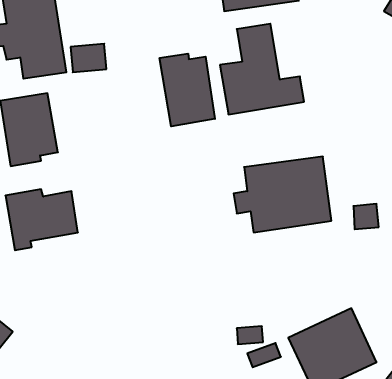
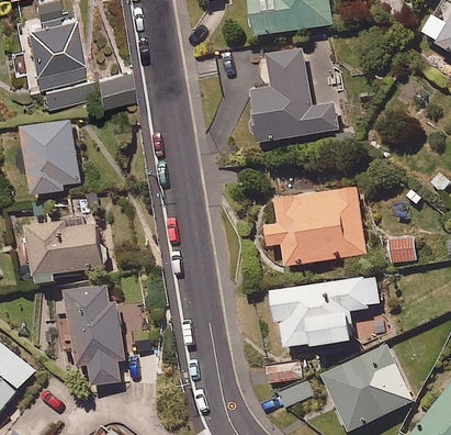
building: [160,54,215,126] -> none
building: none -> [270,276,380,352]
building: none -> [65,283,126,386]

